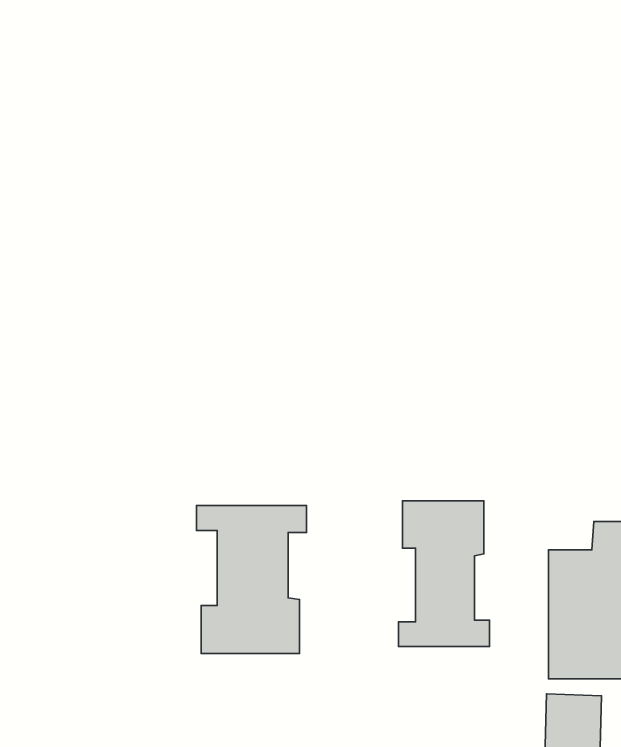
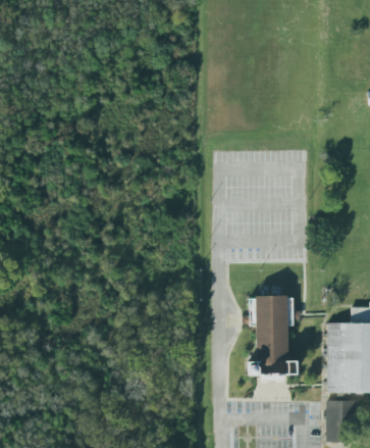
building: [197,506,306,653] -> none

